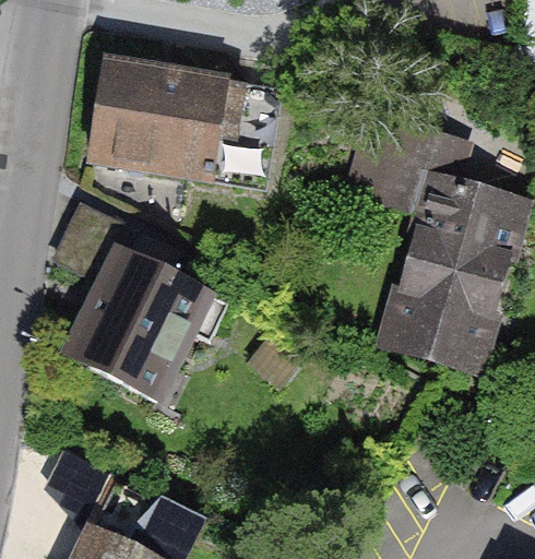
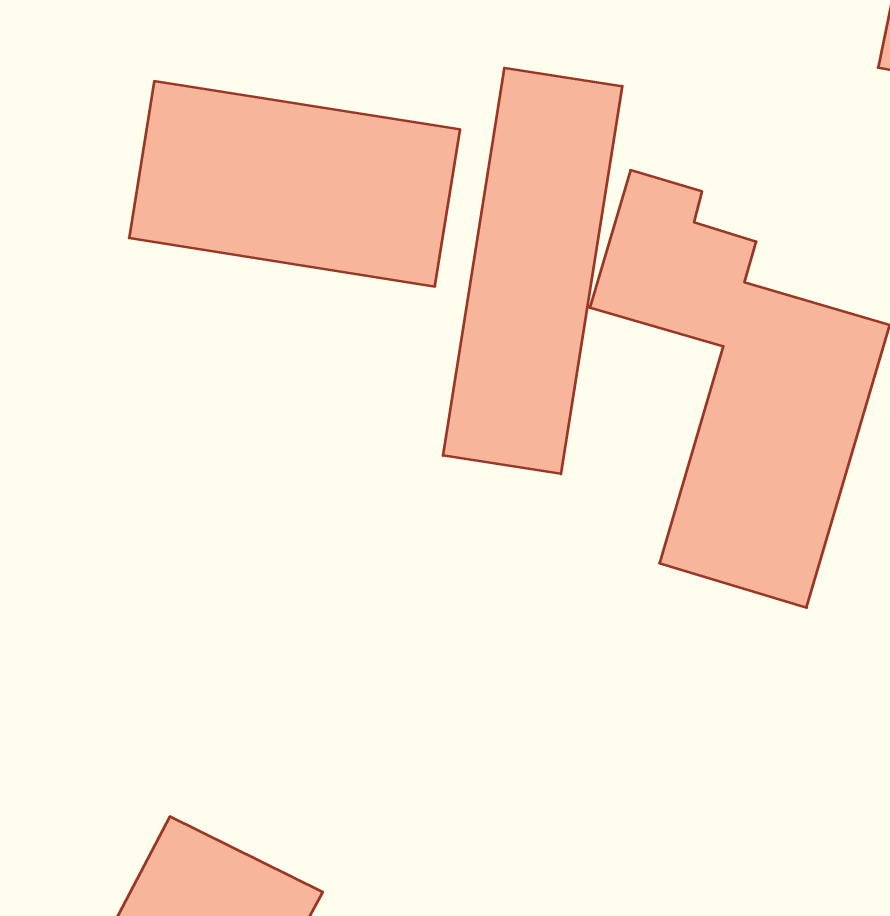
building: none -> [443,68,622,474]
building: [58,243,219,407] -> none

